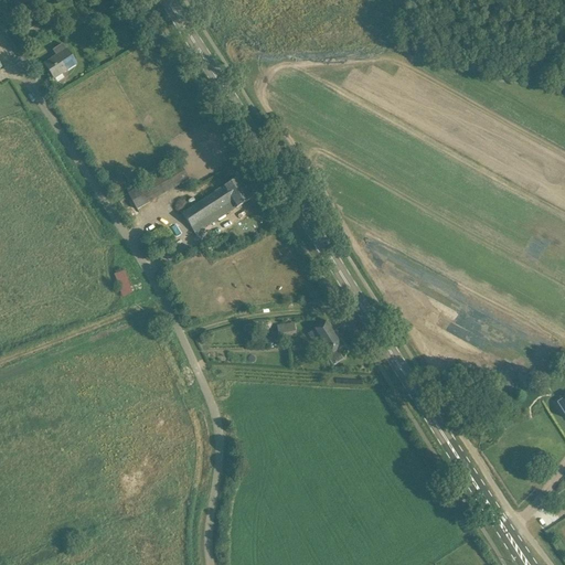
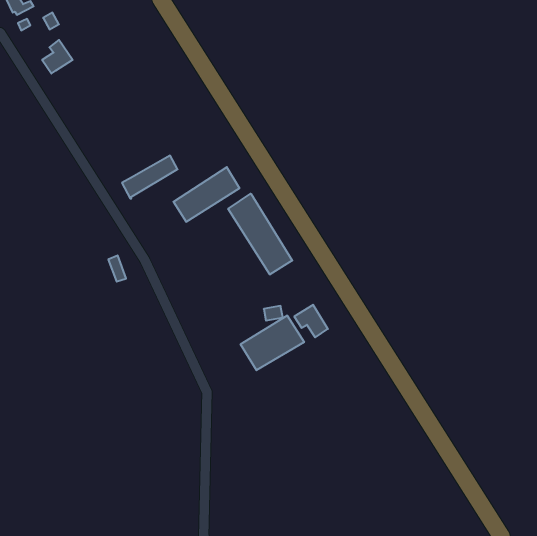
building: none -> [228,194,292,275]
building: none -> [241,315,304,370]

